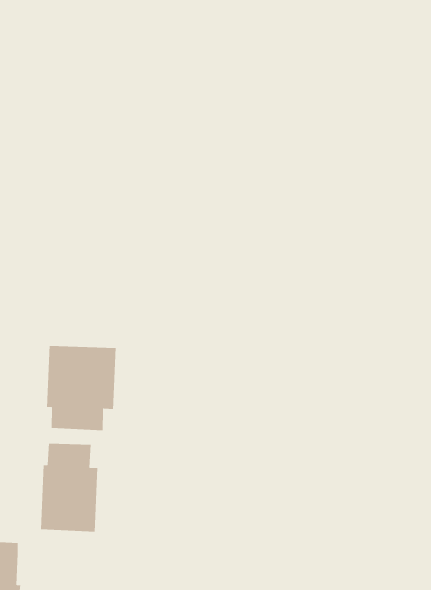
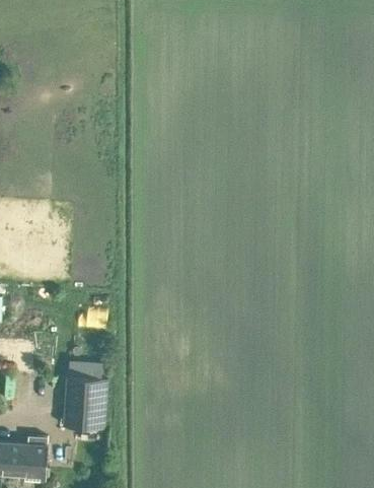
building: [46,345,116,431] -> none

